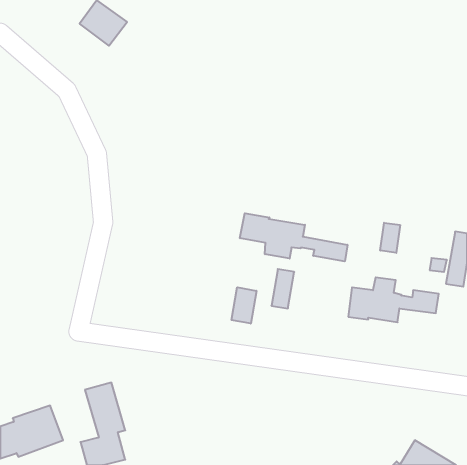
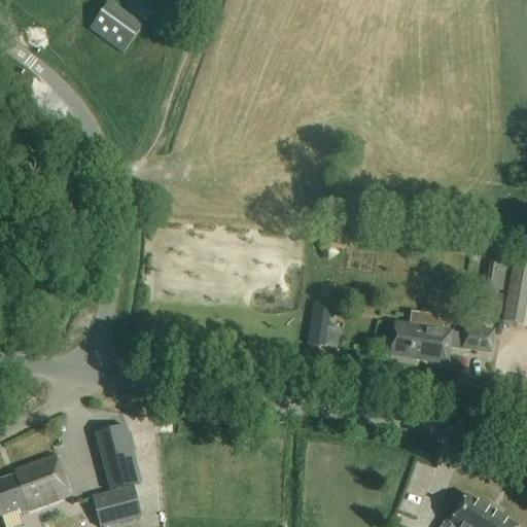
building: [240,213,347,261] -> none
building: [380,223,400,253] -> none
building: [232,287,256,324] -> none

